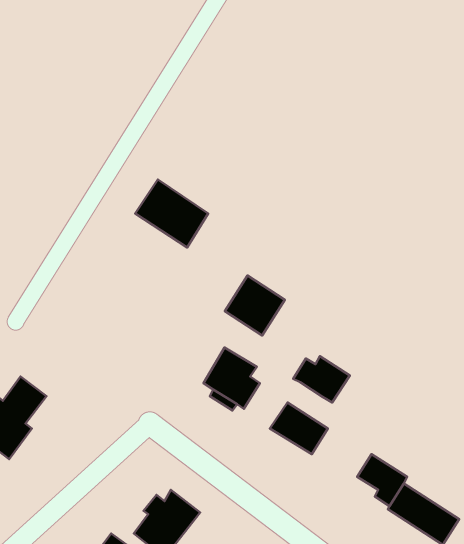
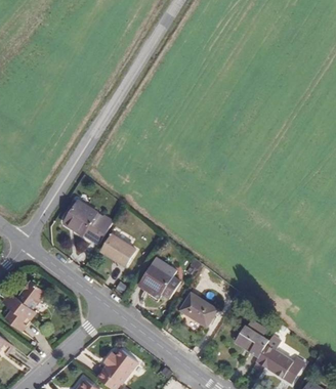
building: [135,179,208,247] -> [65,202,111,245]
building: [225,276,285,336] -> [101,229,139,267]
building: [293,356,350,402] -> none

